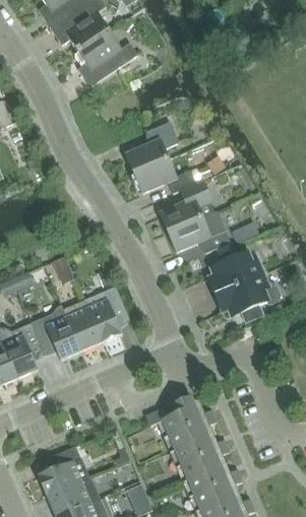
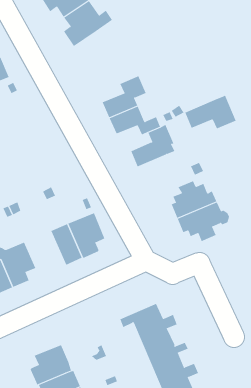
building: [167,211,230,253] -> [184,95,237,129]
building: [30,307,80,360] -> none

